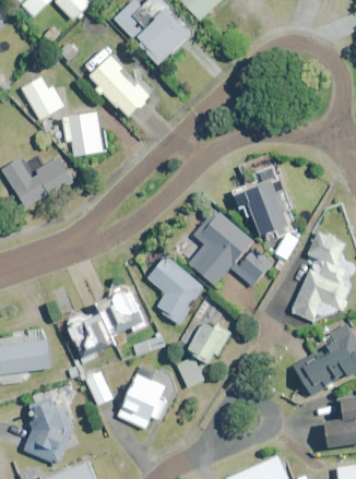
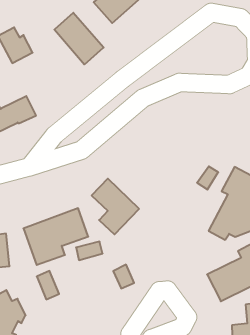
building: [62,111,107,157] -> none
building: [245,182,292,236] -> none
building: [189,211,272,286] -> none
building: [187,319,229,363] -> none
building: [117,362,177,429] -> none

